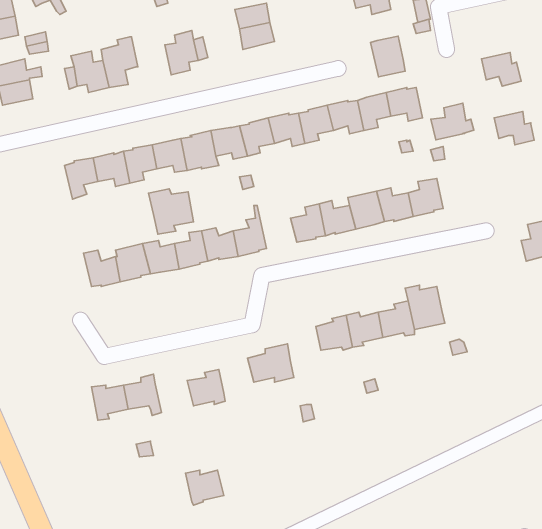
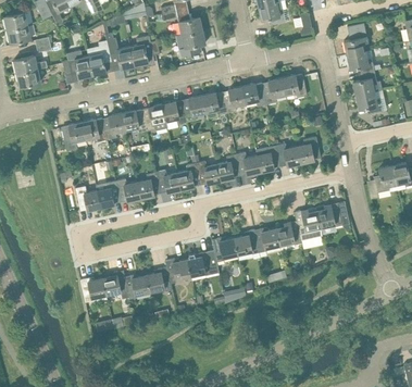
building: none -> [344,23,367,55]
building: none -> [105,33,135,70]
building: [370,36,405,77] -> none
building: [431,103,474,140] -> [352,71,382,96]
building: [148,189,193,234] -> none
building: none -> [193,154,221,185]
building: none -> [316,203,349,227]
building: none -> [212,237,237,262]
building: none -> [165,259,191,284]
building: [186,470,224,505] -> [124,275,150,299]

